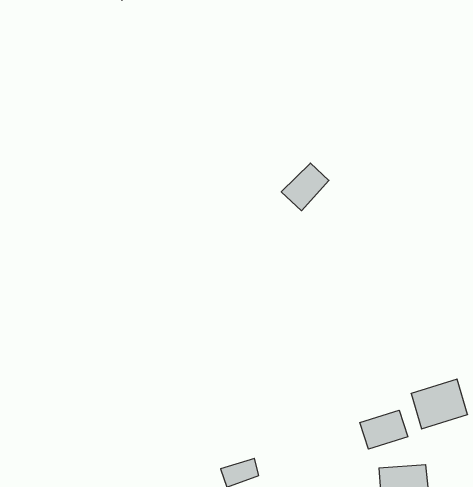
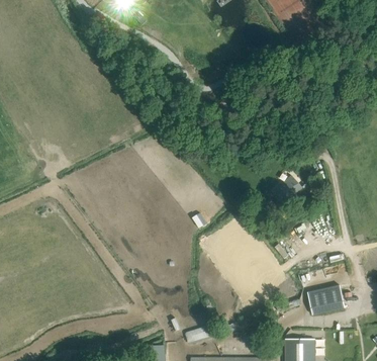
building: [281,163,329,211] -> [271,175,302,205]
building: [360,410,408,449] -> none

